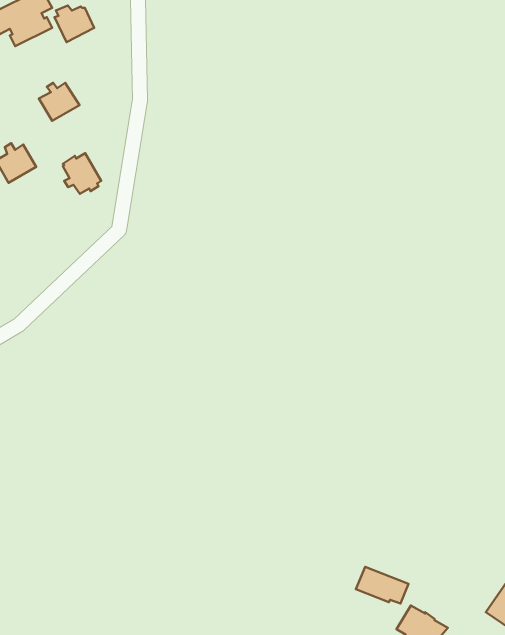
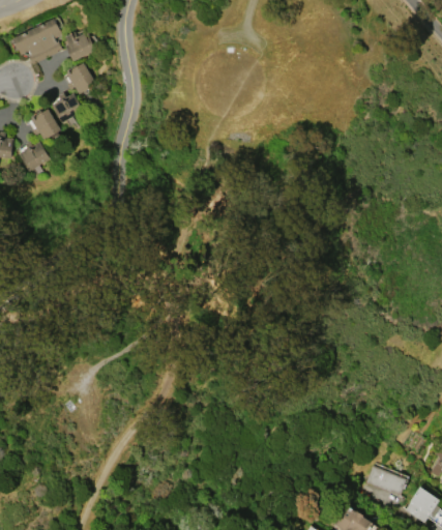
building: none -> [67,62,97,94]
building: [63,153,101,194] -> [32,109,62,141]
building: [356,567,408,604] -> [365,465,407,494]

